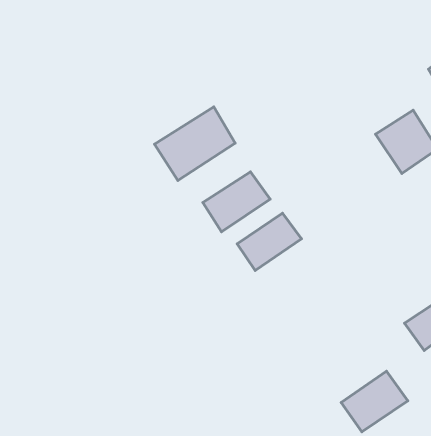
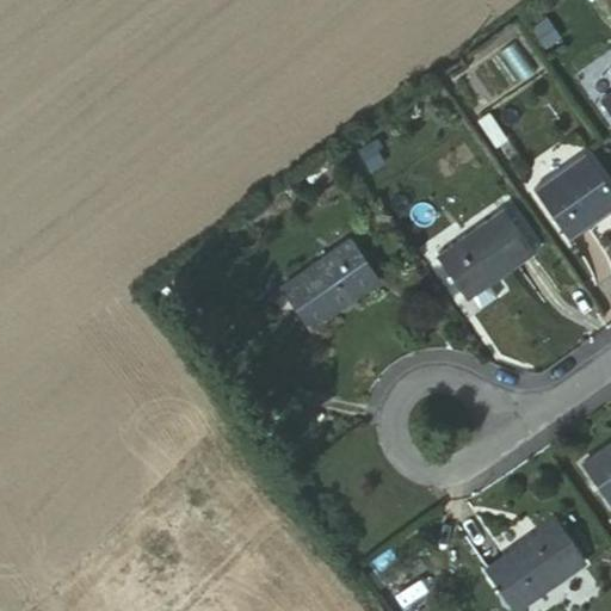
building: [154,107,235,181] -> none
building: [237,213,301,270] -> [450,215,539,295]

